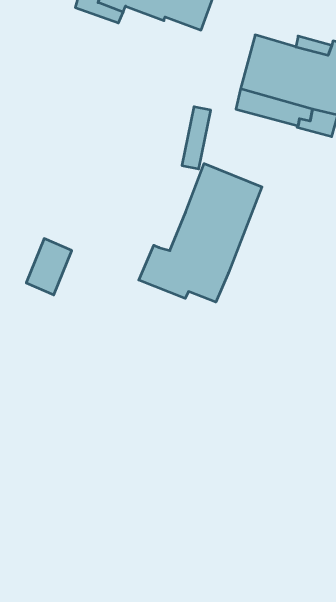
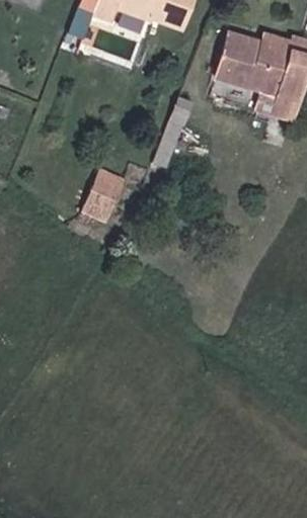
building: [139,164,262,302] -> none
building: [26,239,72,295] -> [84,170,123,218]

